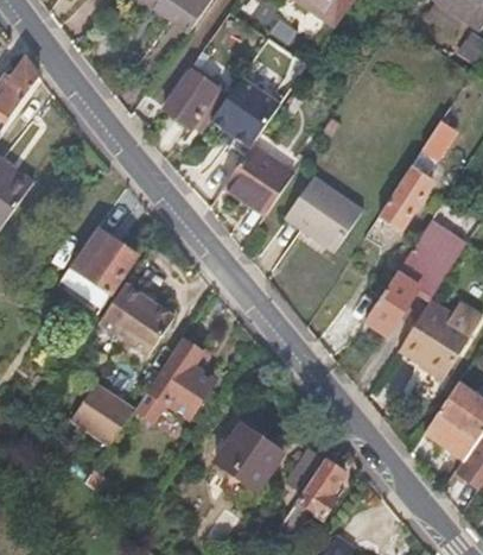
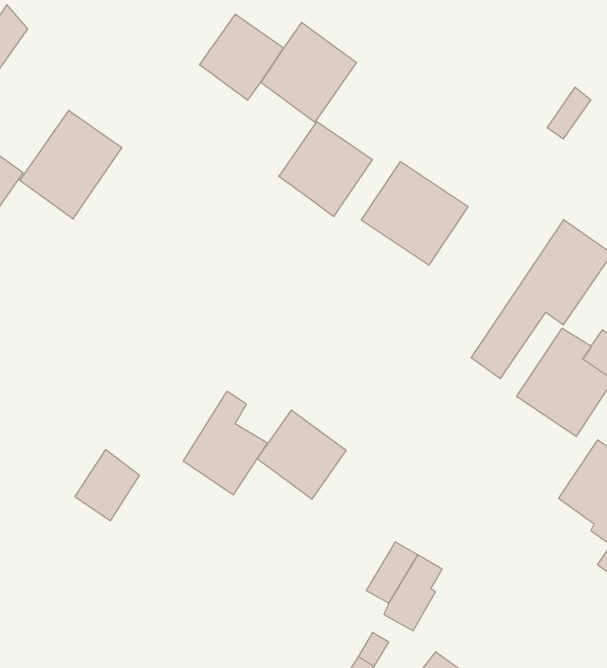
building: [379,165,436,229] -> none
building: [63,231,138,310] -> [20,110,122,219]
building: [100,284,174,357] -> none
building: [216,425,281,491] -> [257,410,346,499]

